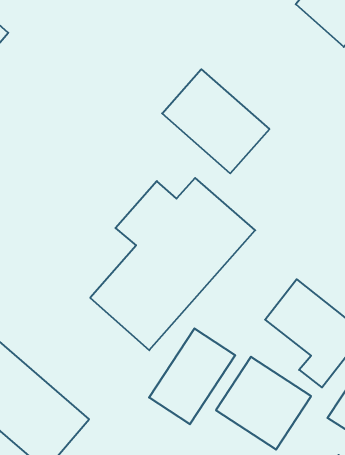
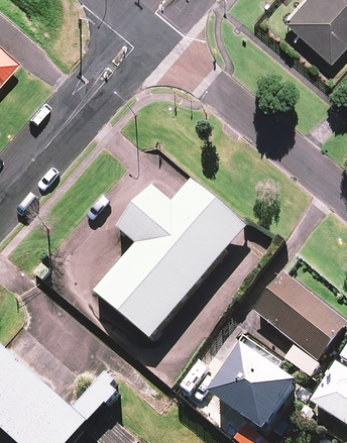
building: [162,69,269,173] -> none
building: [149,328,235,424] -> none

